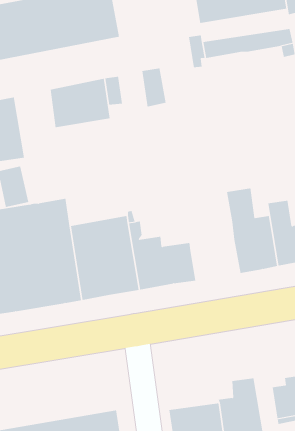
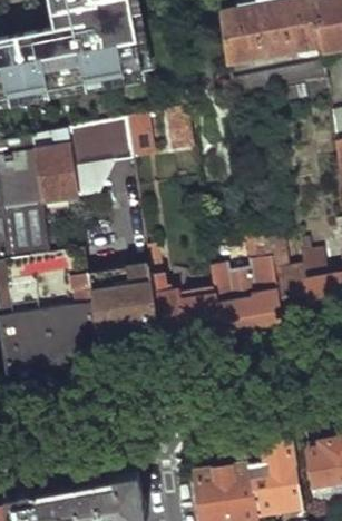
building: none -> [28,129,76,203]
building: none -> [213,235,271,335]

